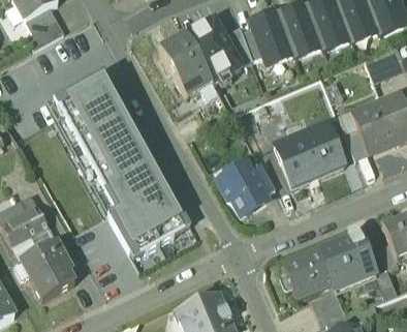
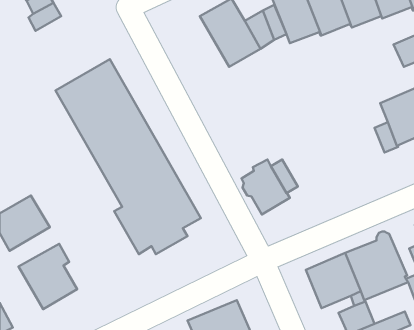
building: [161,33,213,95] -> none
building: [275,122,346,187] -> none
building: [11,227,57,263] -> none

